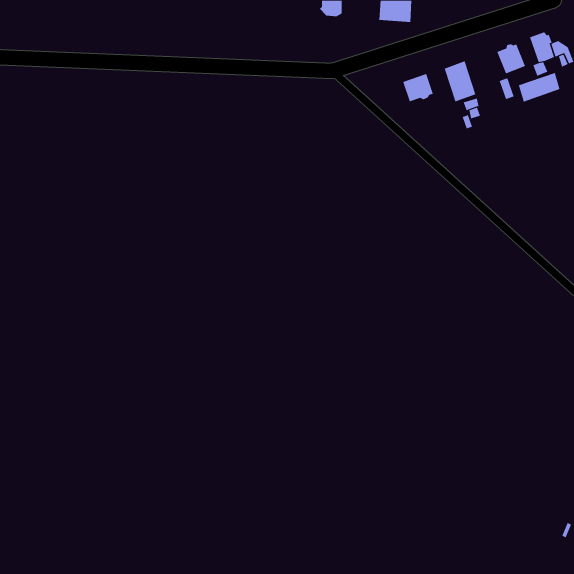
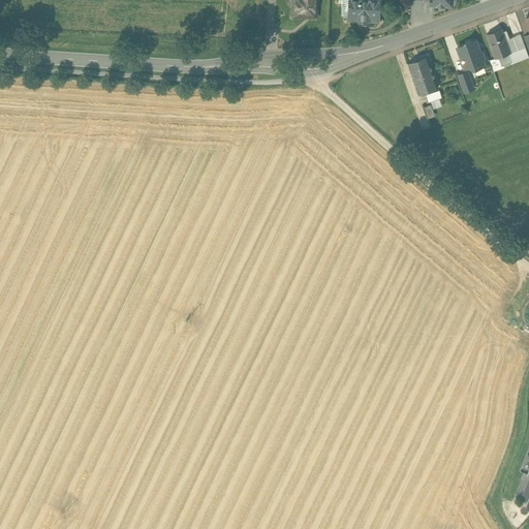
building: [518,72,560,102] -> none
building: [402,73,433,102] -> none

